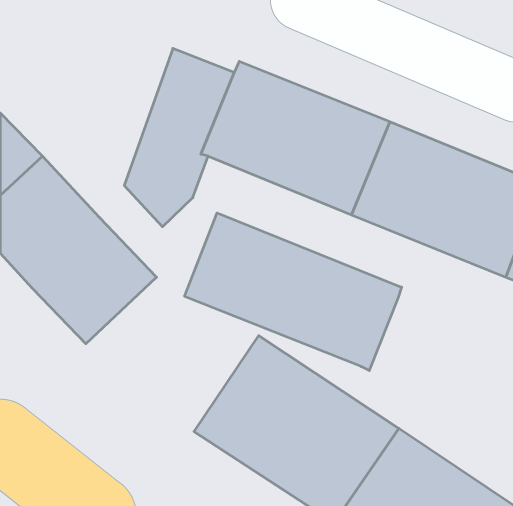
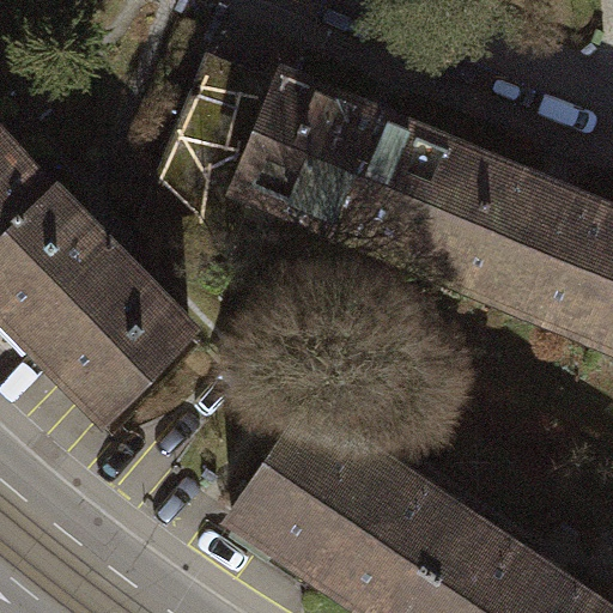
building: [185,213,402,371] -> none

